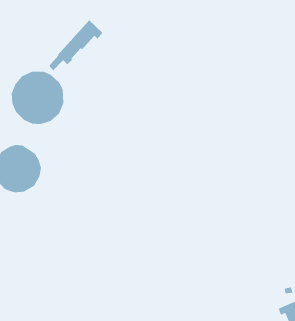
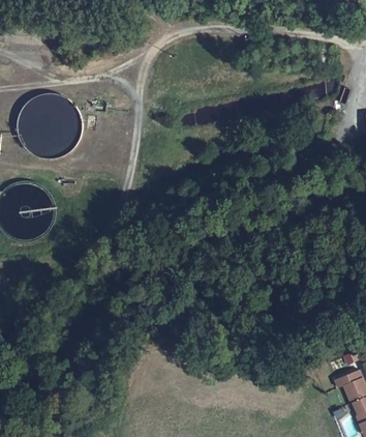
building: [48,19,103,71] -> none

